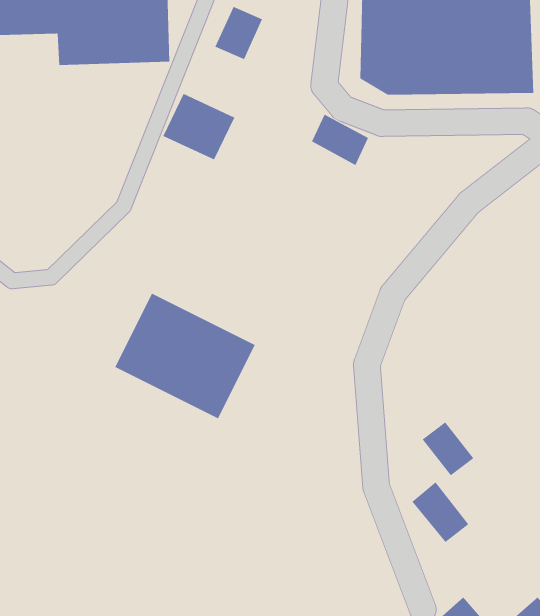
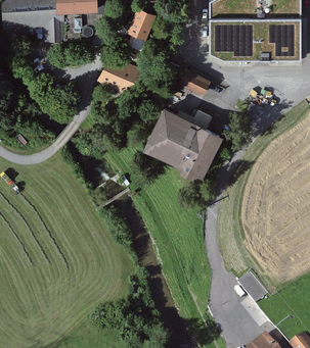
building: [114,293,256,419] -> [148,106,226,176]
building: [422,421,474,476] -> none

